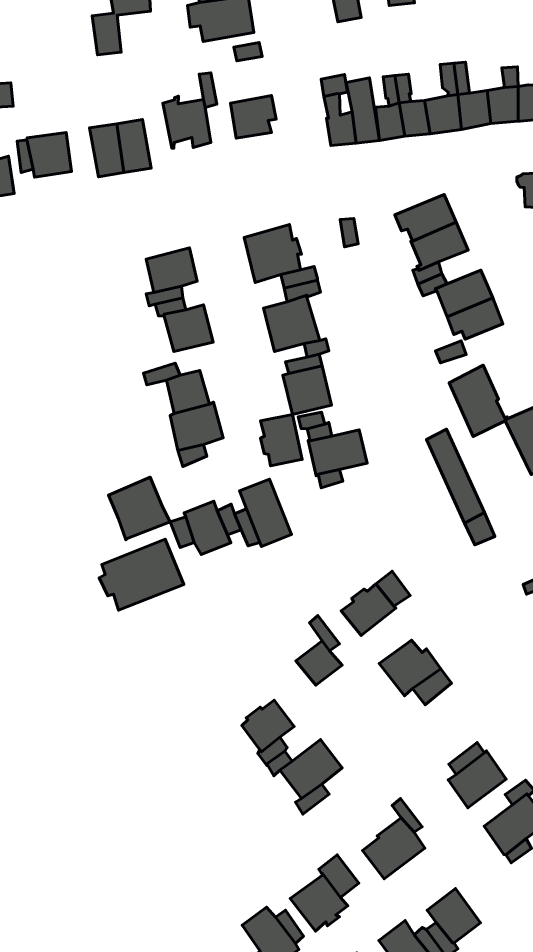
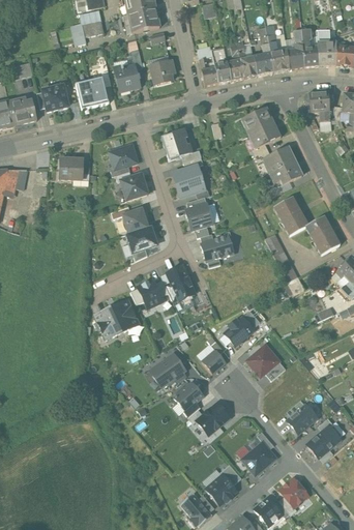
building: none -> [59,157,84,178]
building: [260,415,302,466] -> none
building: [108,477,170,540] -> none
building: none -> [152,353,185,385]

